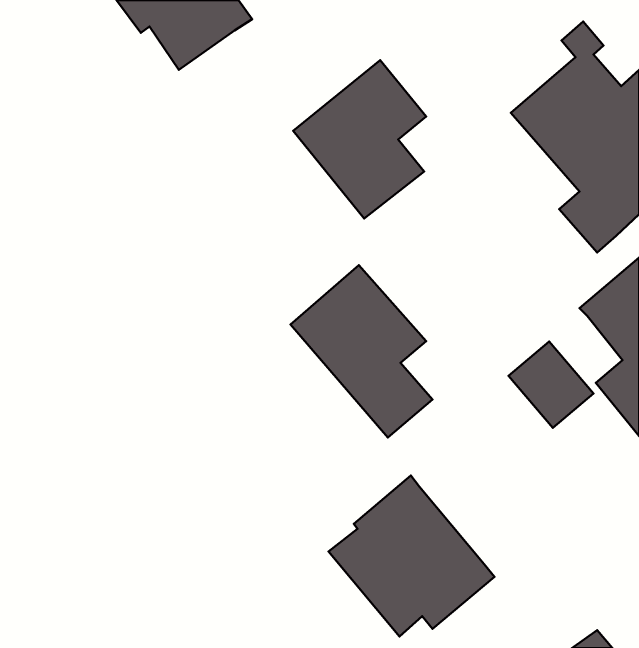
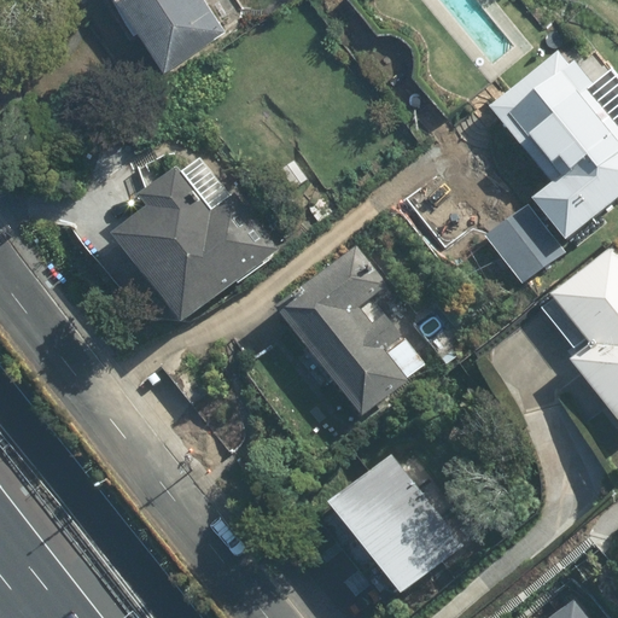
building: [293,60,426,219] -> none
building: none -> [119,148,279,321]
building: [509,342,594,428] -> [480,206,561,288]

